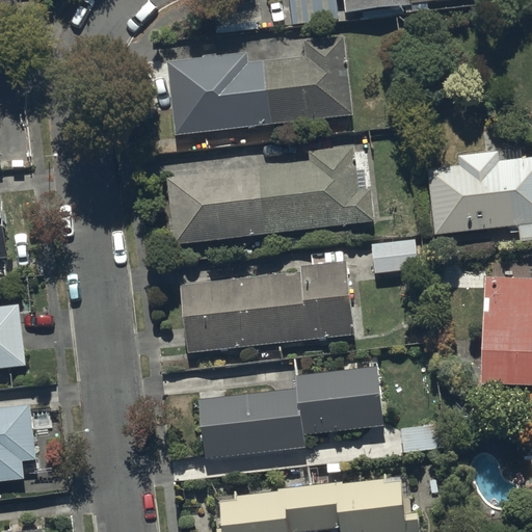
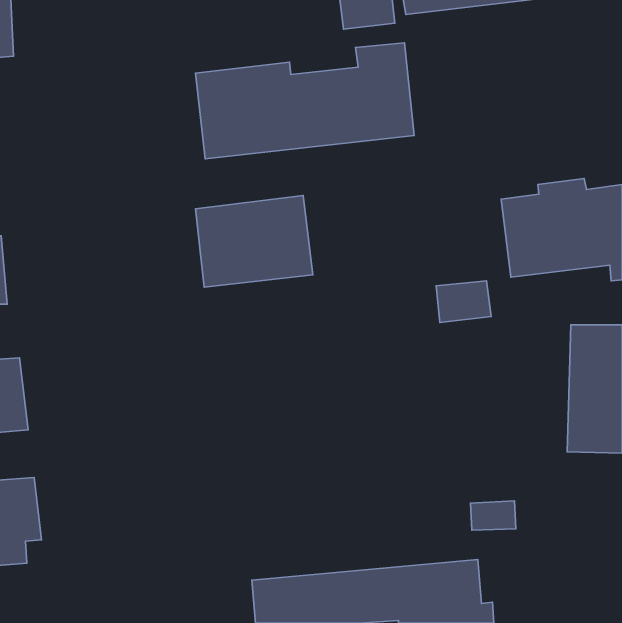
building: [258,147,373,234] -> none
building: [180,261,353,352] -> none
building: [200,367,382,457] -> none

